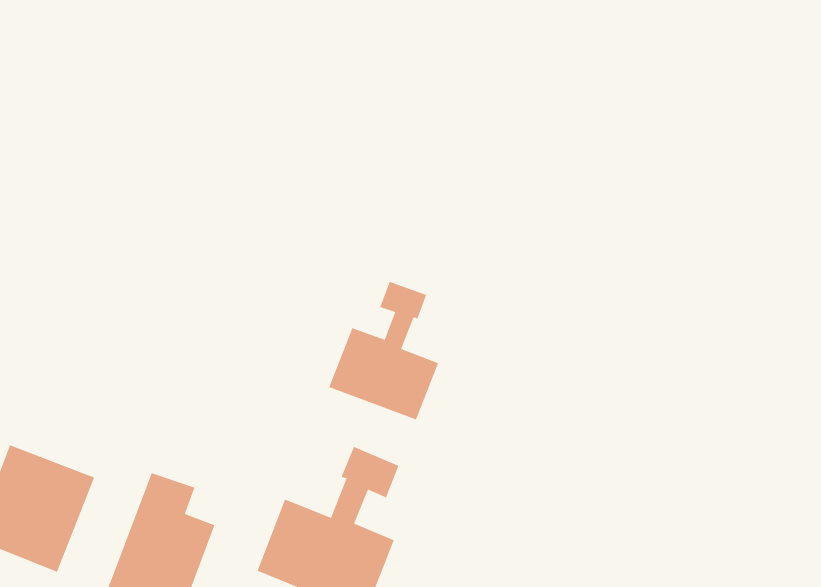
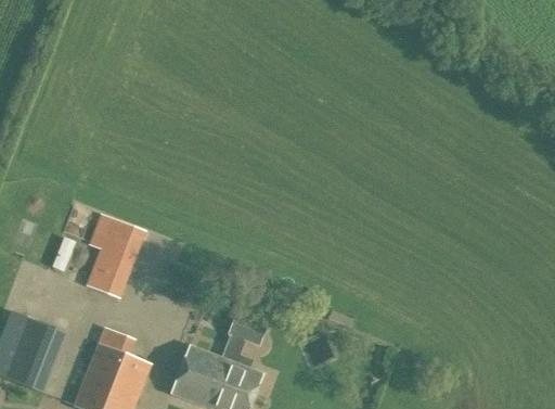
building: [328,281,439,421] -> none
building: none -> [87,214,144,297]

